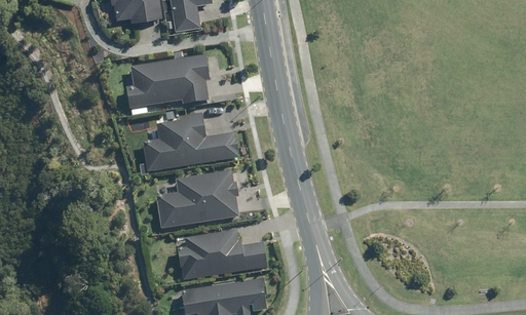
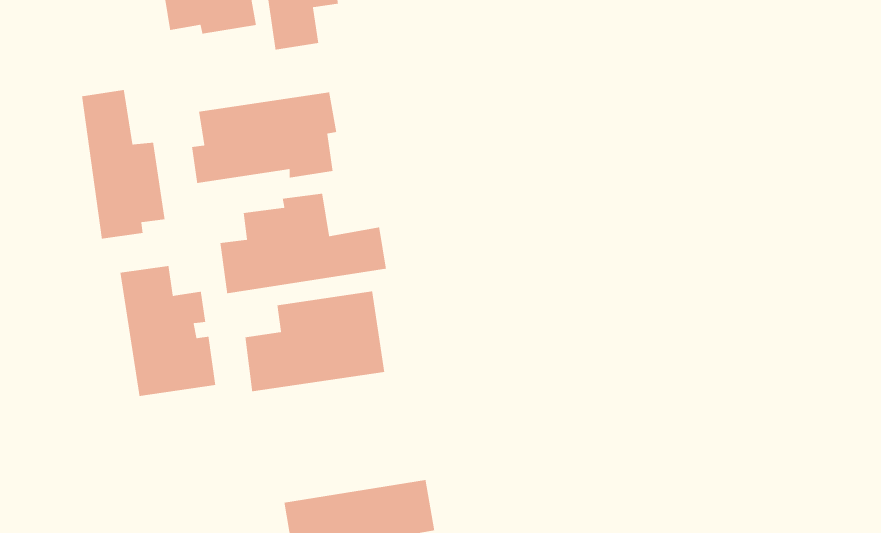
building: none -> [81,89,165,240]
building: none -> [119,265,216,397]
building: [177,229,266,279] -> none

